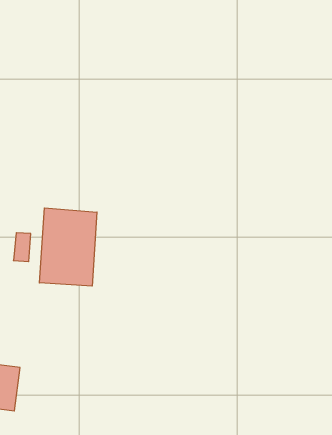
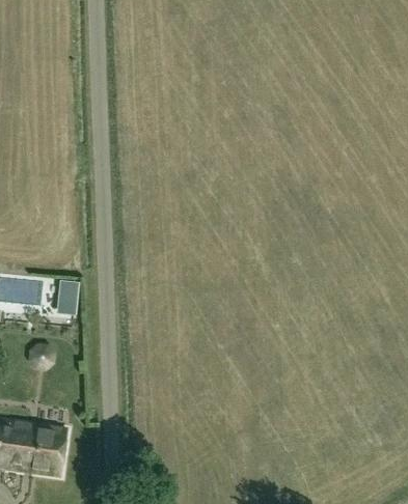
building: [39,208,97,286] -> none

